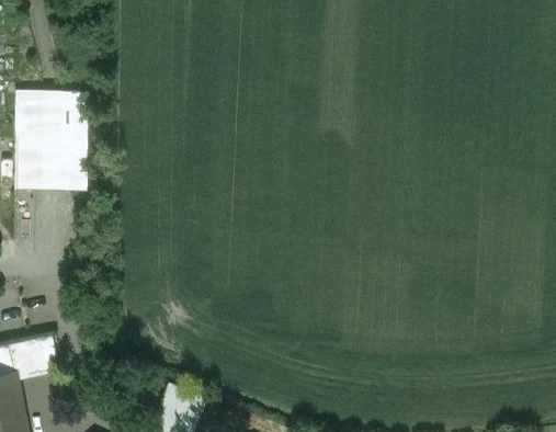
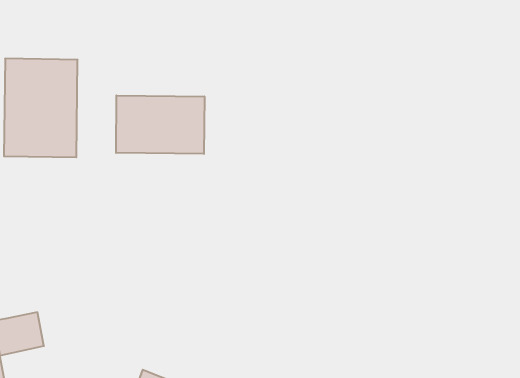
building: none -> [116,95,204,154]

